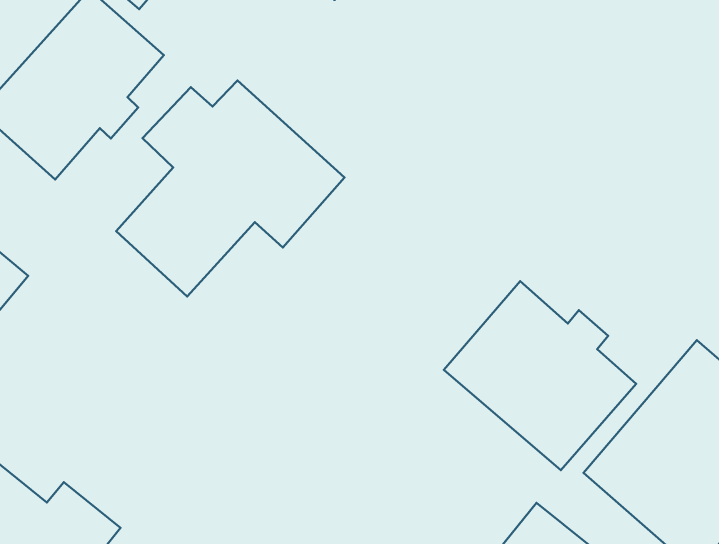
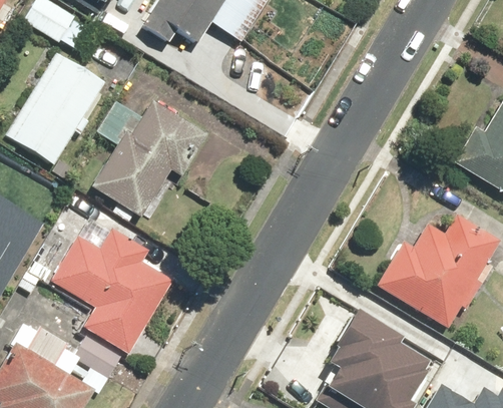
building: [444,281,636,470] -> none
building: none -> [52,227,182,352]

